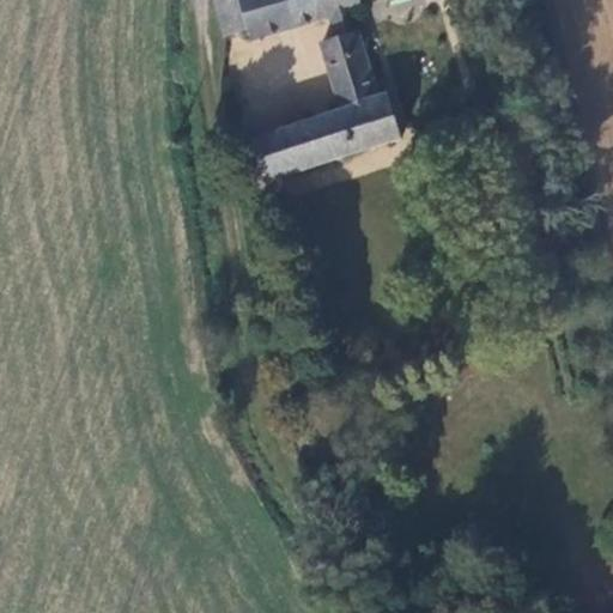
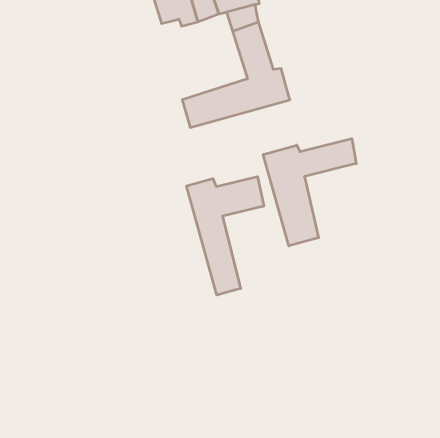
building: none -> [263,139,356,246]
building: none -> [187,177,264,295]

